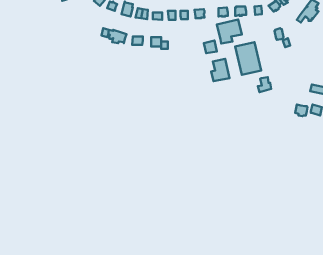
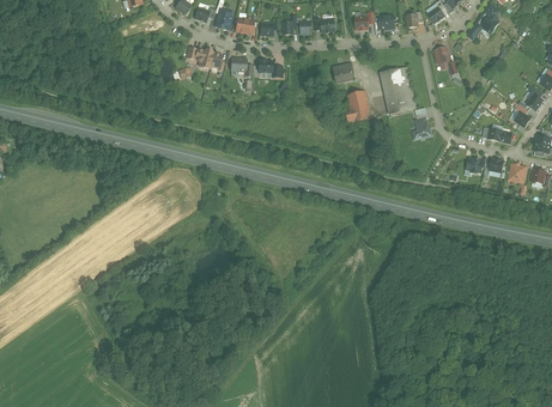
building: [217,20,242,44] -> none

